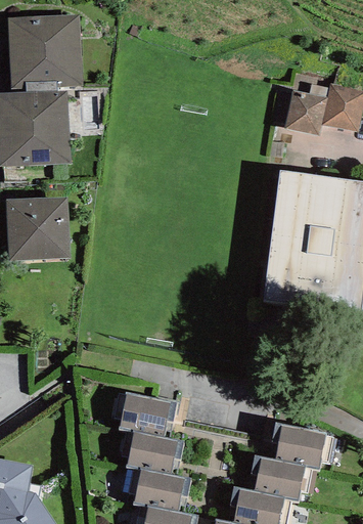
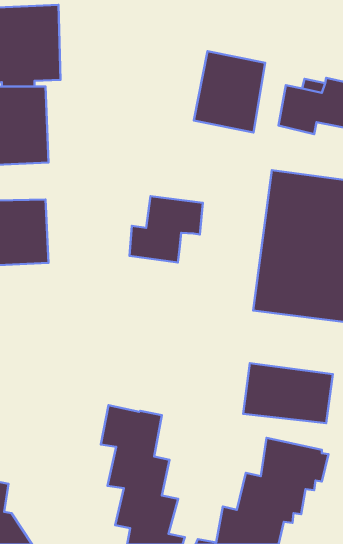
building: none -> [194,51,265,132]
building: none -> [130,196,203,262]
building: none -> [243,363,333,423]

